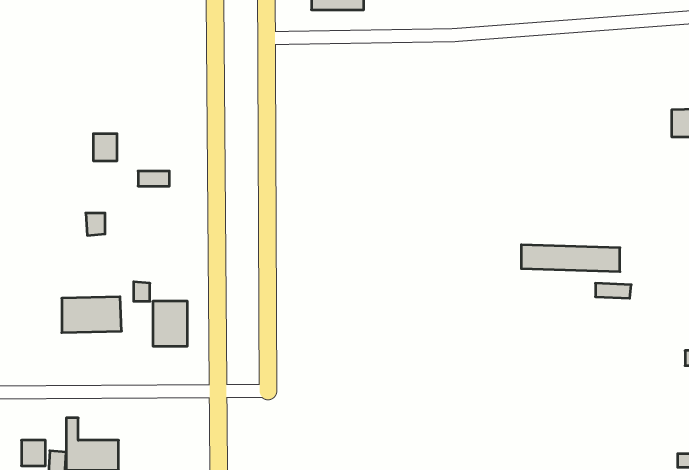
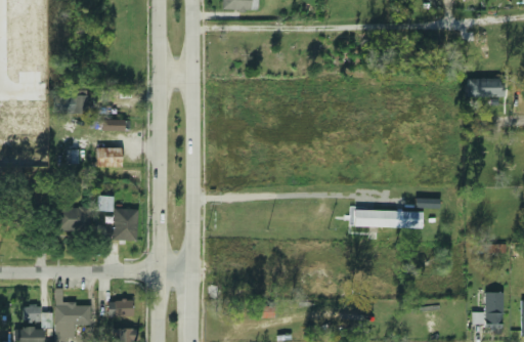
building: none -> [96,148,122,167]
building: [521,245,620,272] -> [356,210,424,228]
building: none -> [107,301,133,316]

